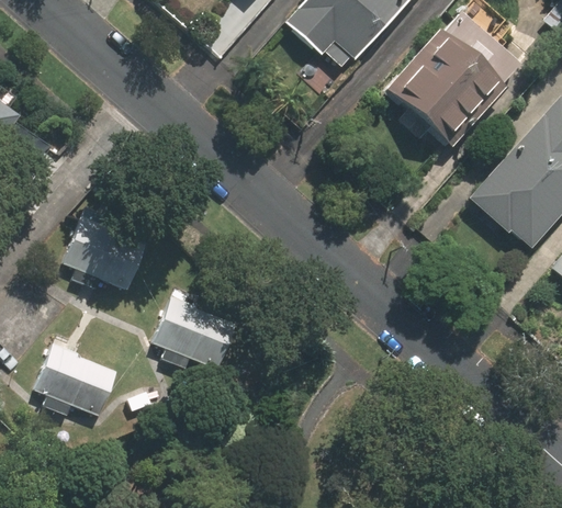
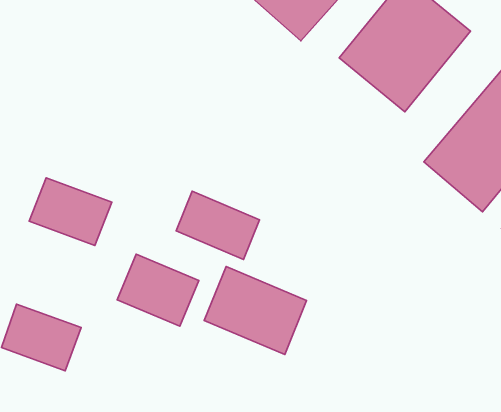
building: none -> [176,191,260,260]
building: none -> [204,267,307,355]

